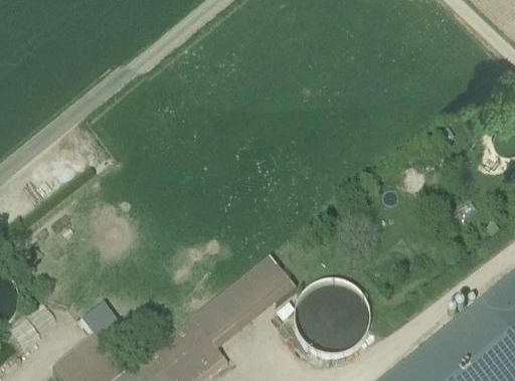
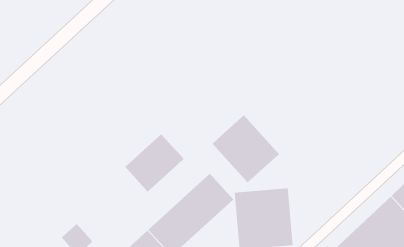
building: none -> [212,115,280,183]
building: none -> [124,133,185,192]

